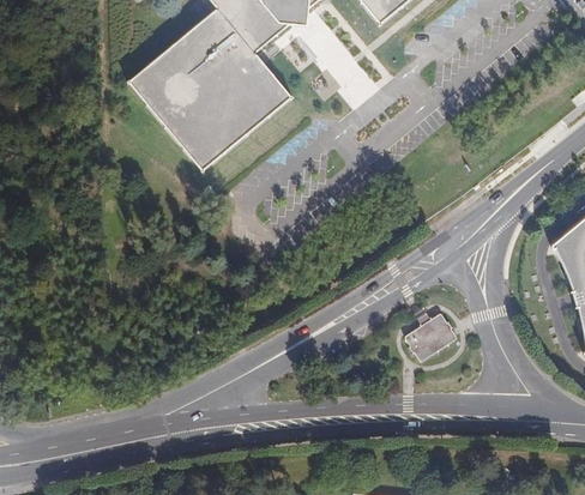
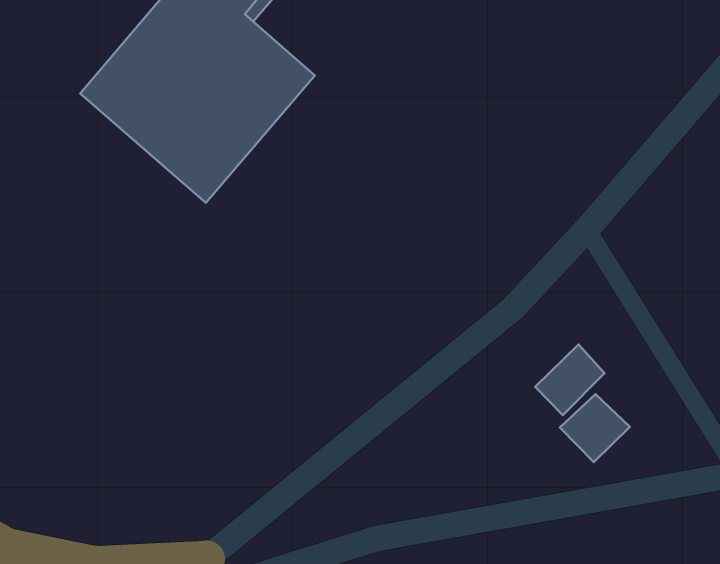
building: none -> [560,394,630,462]

